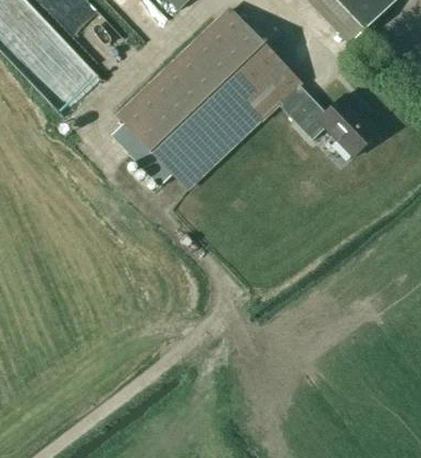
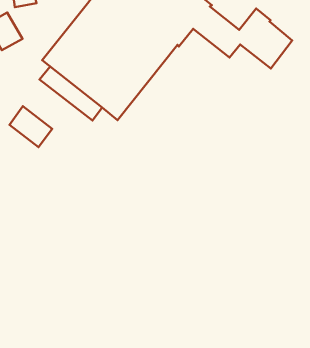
building: none -> [9,106,52,147]

